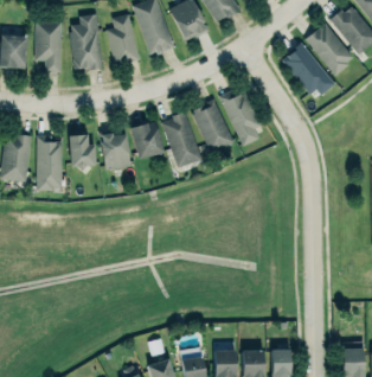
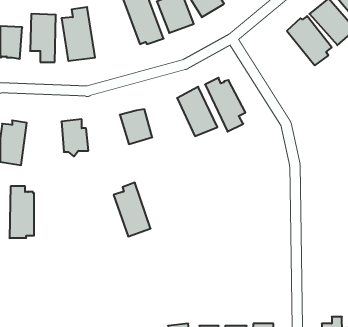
building: [107,13,140,66] -> none
building: [282,41,335,95] -> none
building: [162,109,201,166] -> [114,183,151,236]
building: [101,133,130,170] -> none
building: [36,135,62,190] -> [9,186,34,238]

